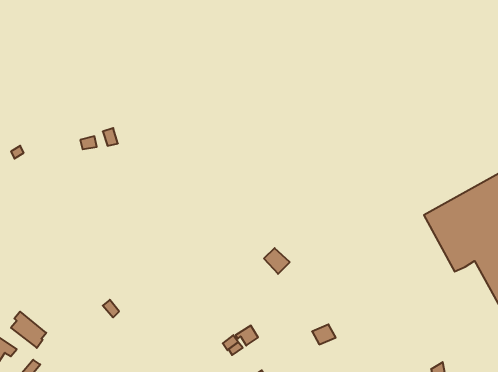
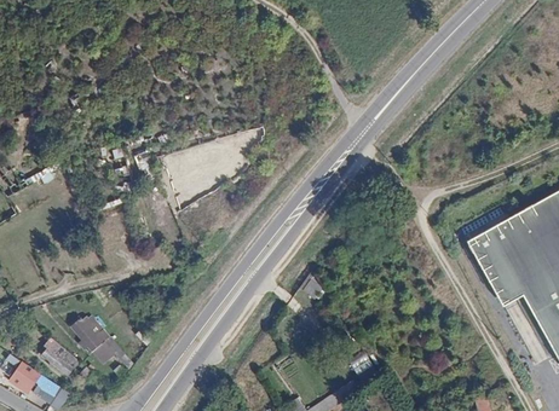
building: none -> [70,314,105,351]

